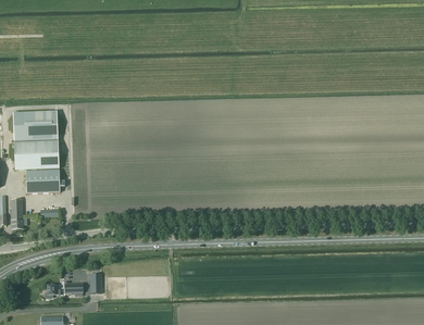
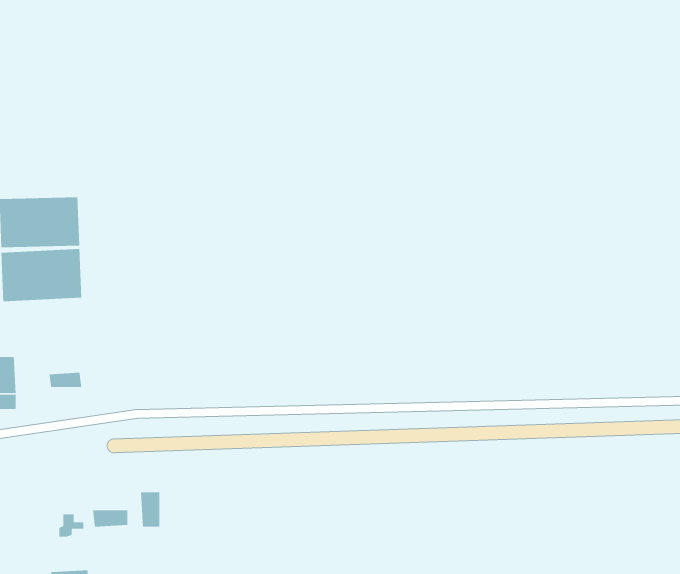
building: [26,170,60,192] -> none

